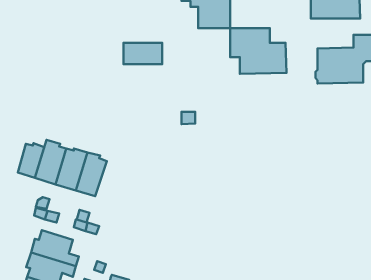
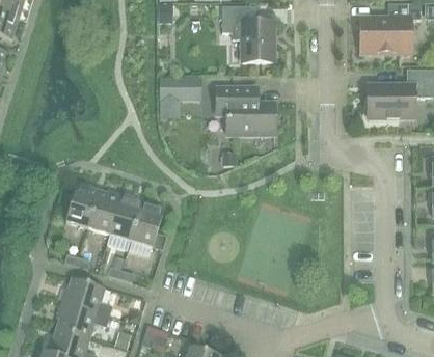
building: [230,28,286,74] -> [215,86,275,135]
building: [18,143,44,178] -> none
building: none -> [130,202,165,249]

